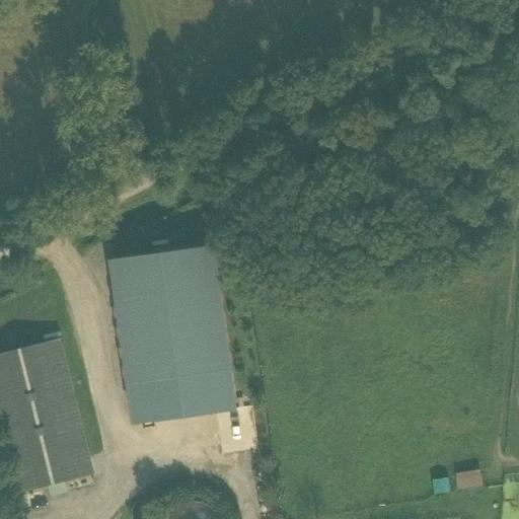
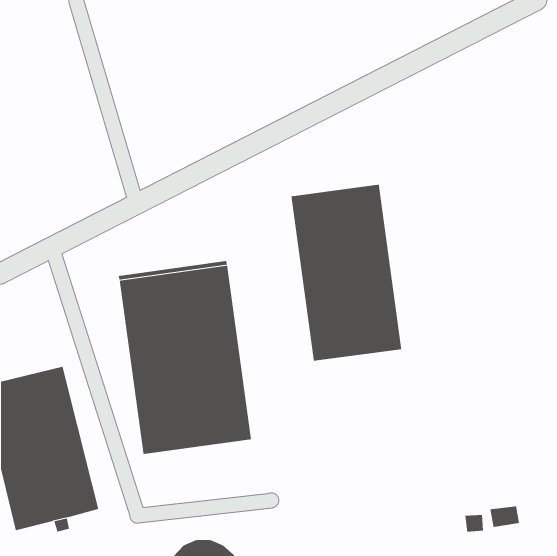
building: none -> [291,184,402,362]

